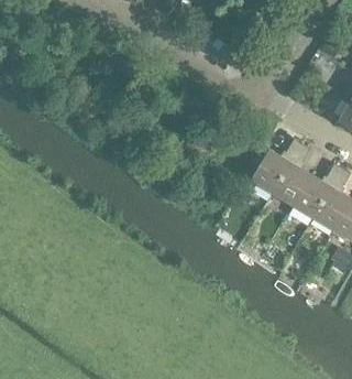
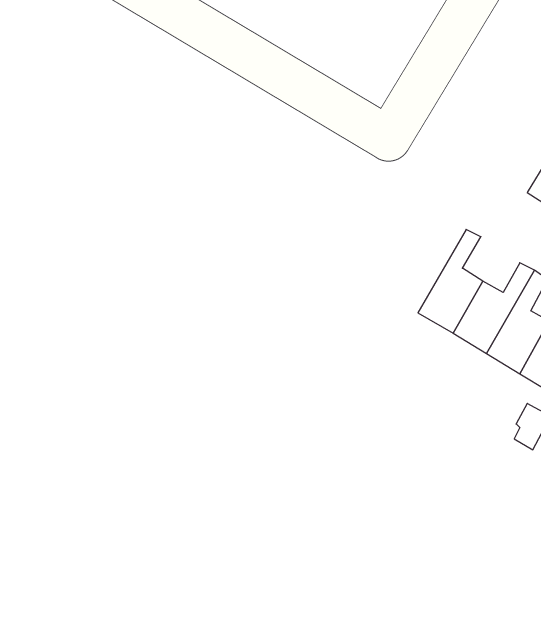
building: [252,139,302,194] -> none

